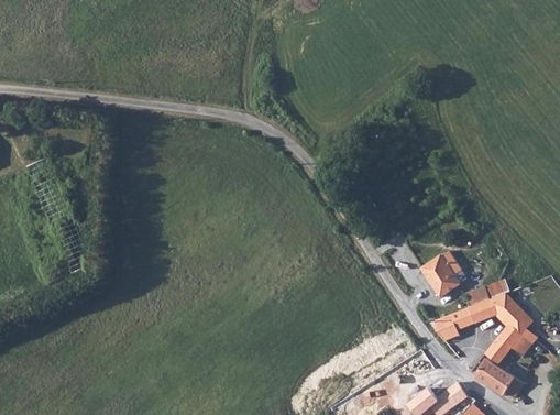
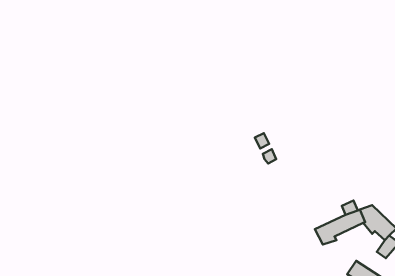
building: [419,251,460,296] -> none
building: [483,324,519,363] -> none

